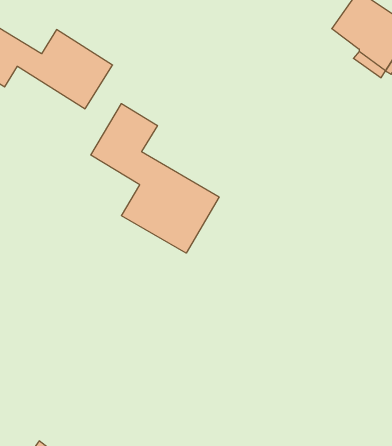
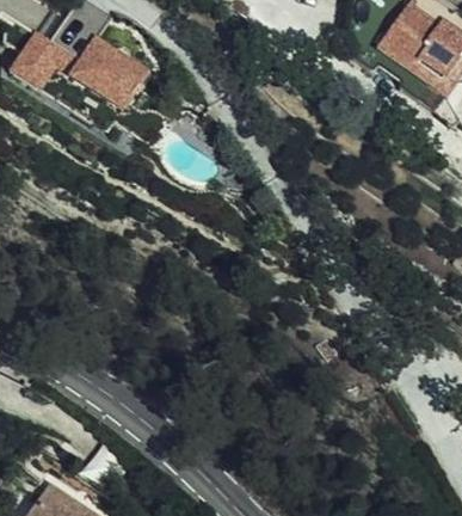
building: [91,104,219,253] -> none

